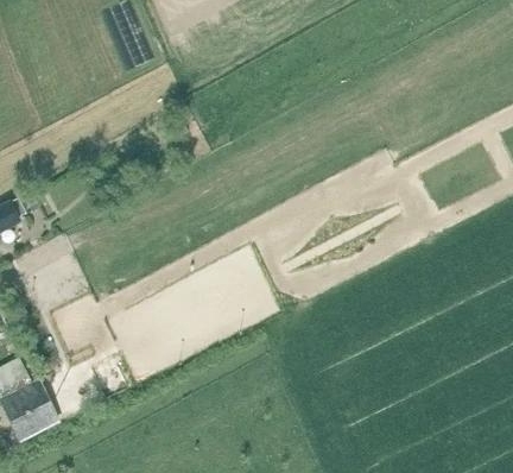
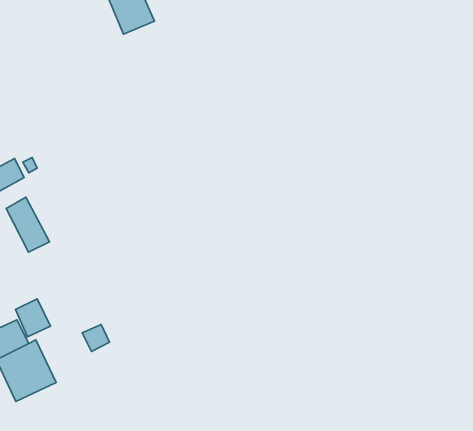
building: none -> [6,197,49,252]
building: none -> [15,299,50,337]

